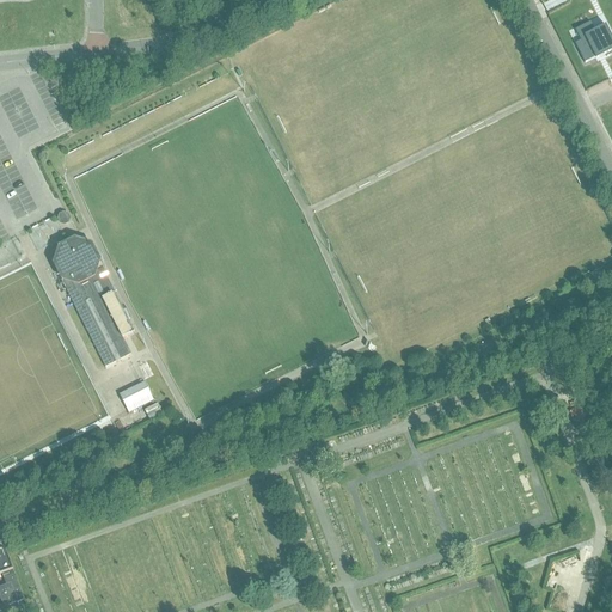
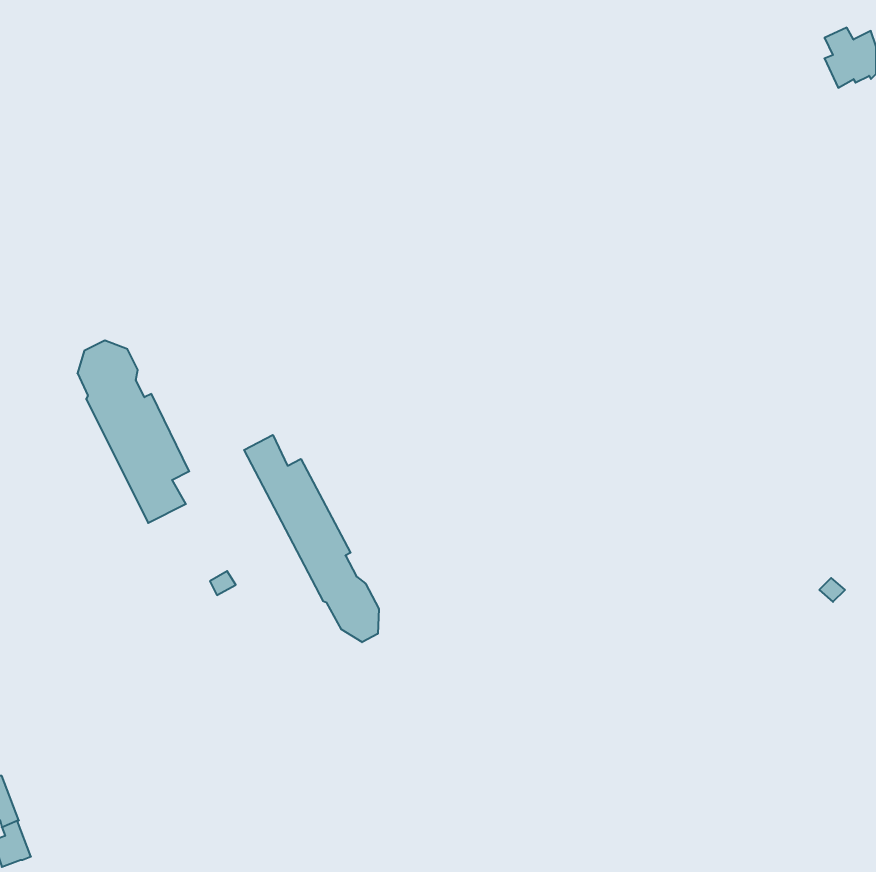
building: none -> [244,435,379,642]
building: [117,378,152,409] -> none

